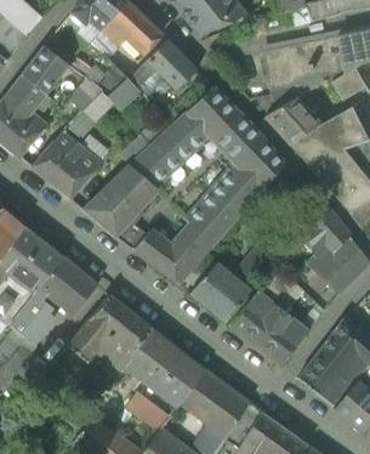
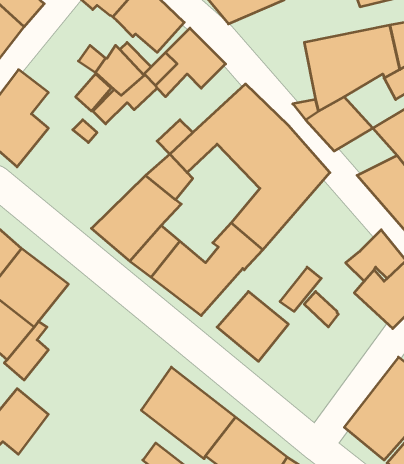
building: [22,45,70,93] -> none
building: [290,124,343,164] -> none
building: [32,130,101,198] -> none
building: [39,256,98,314] -> none
building: [229,290,311,365] -> none
building: [68,294,152,367] -> none

